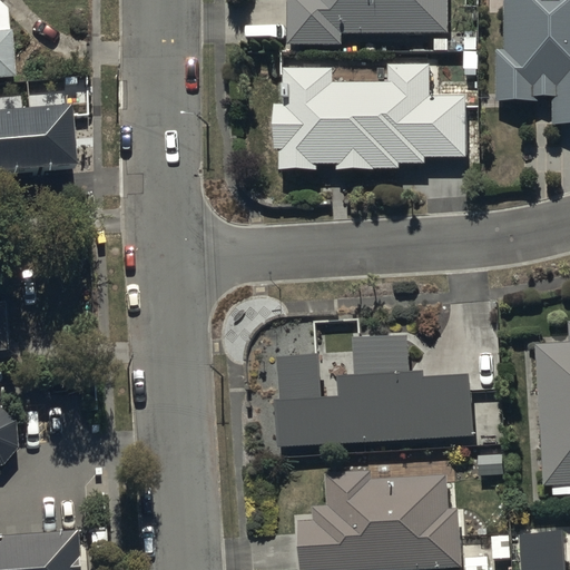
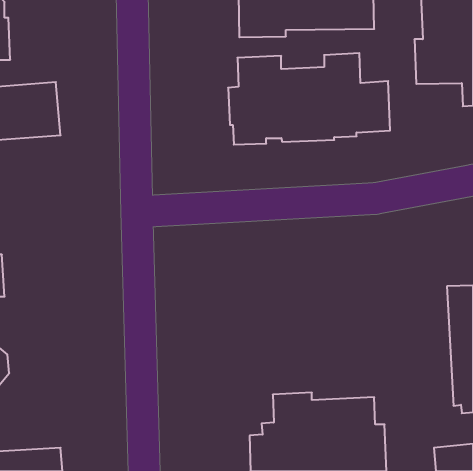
building: [275,335,475,444] -> none

